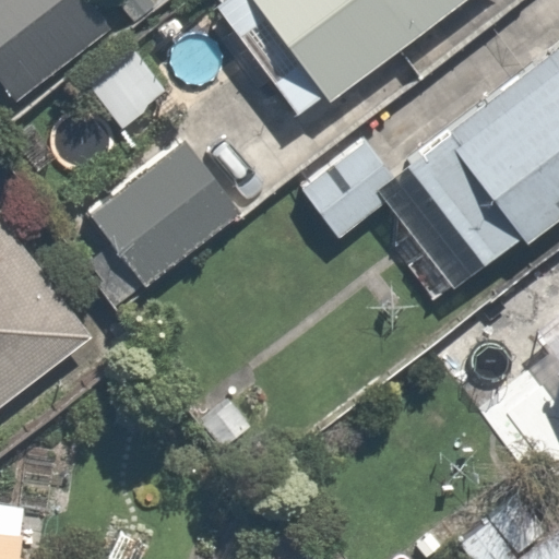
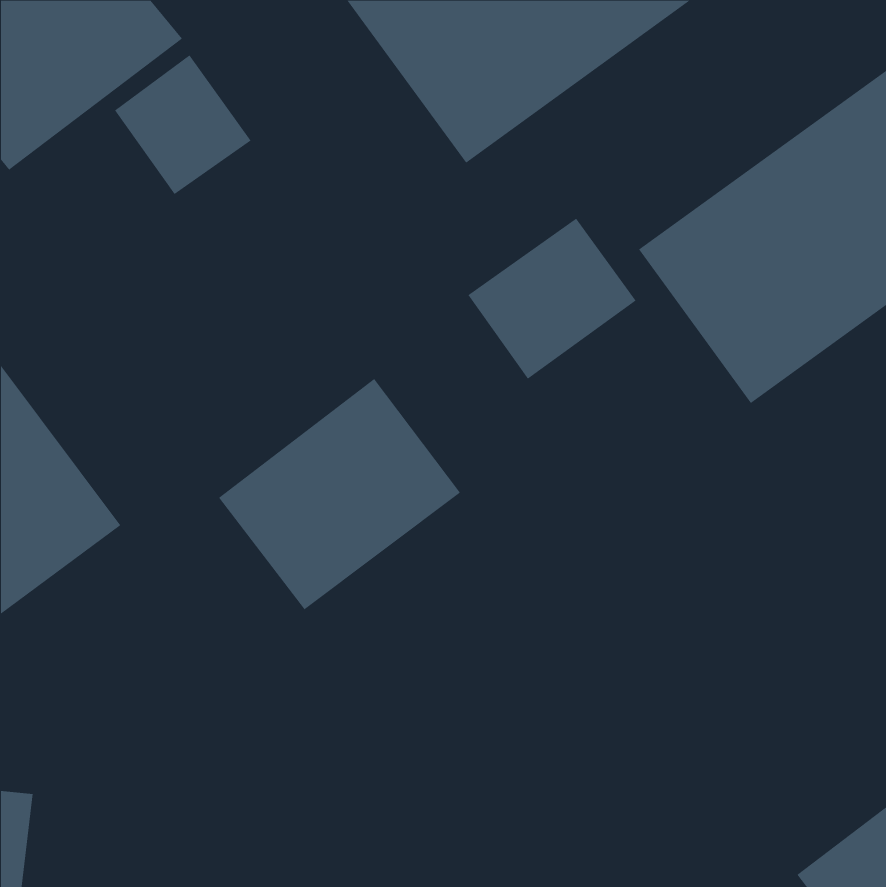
building: [84,141,235,285] -> [218,378,461,610]

